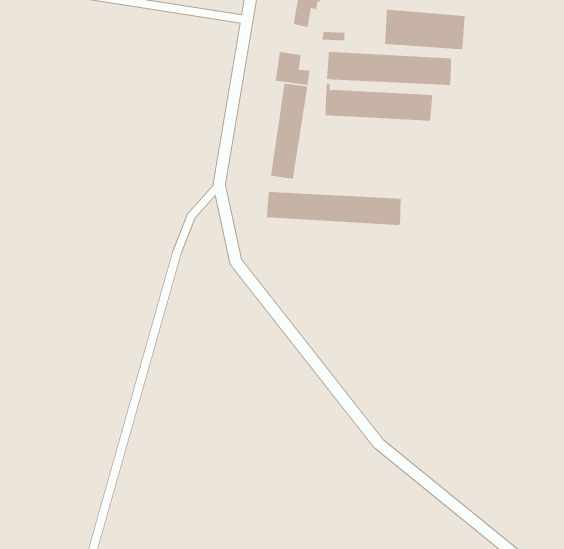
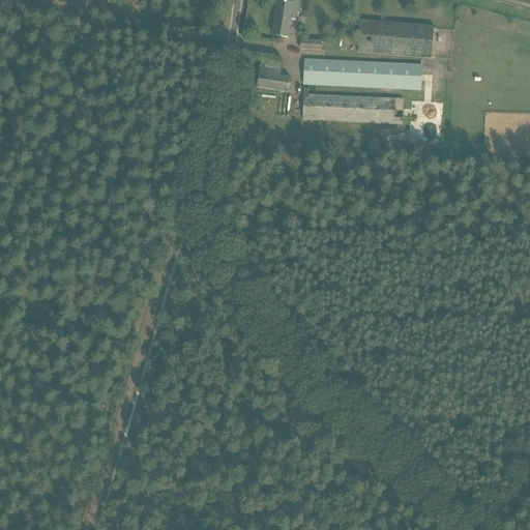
building: [270,83,308,180] -> none
building: [266,191,402,226] -> none

